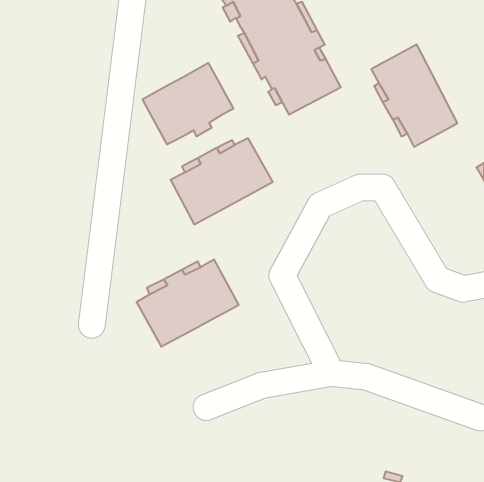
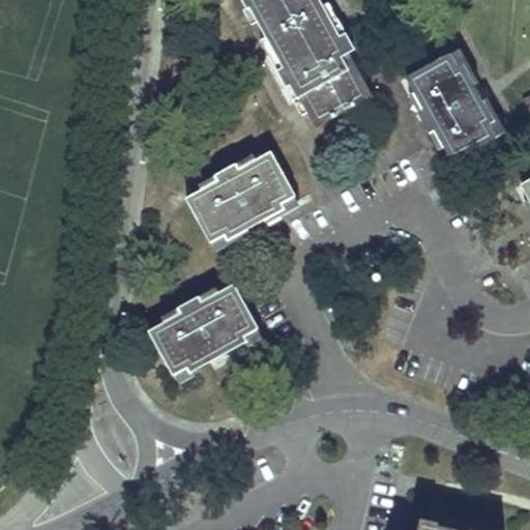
building: [143,63,233,145] -> none

